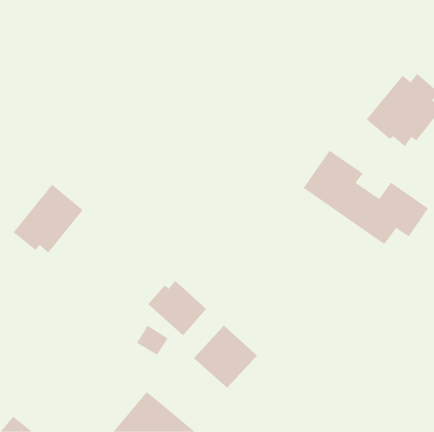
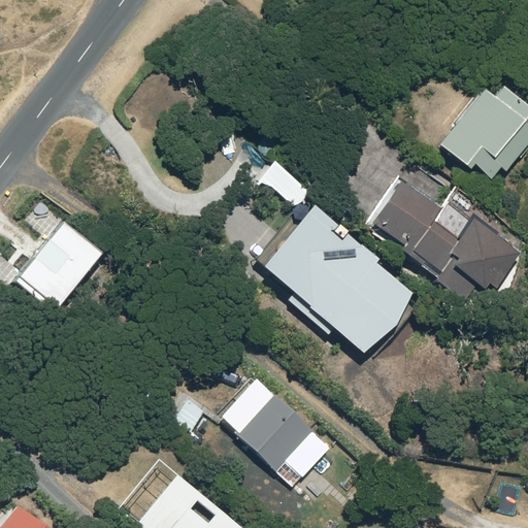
building: none -> [264,203,412,349]
building: [148,280,207,336] -> none

